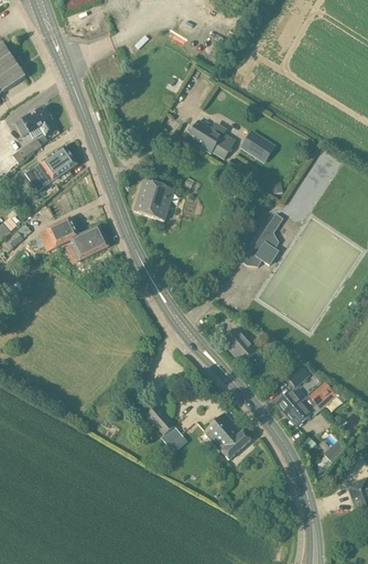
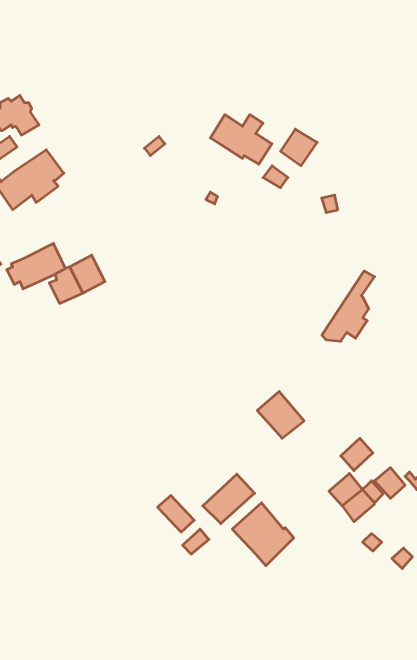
building: [133,178,174,219] -> none
building: [243,213,283,265] -> [322,271,375,341]
building: none -> [203,474,255,524]

